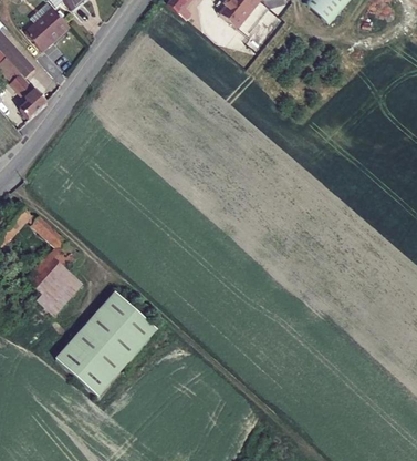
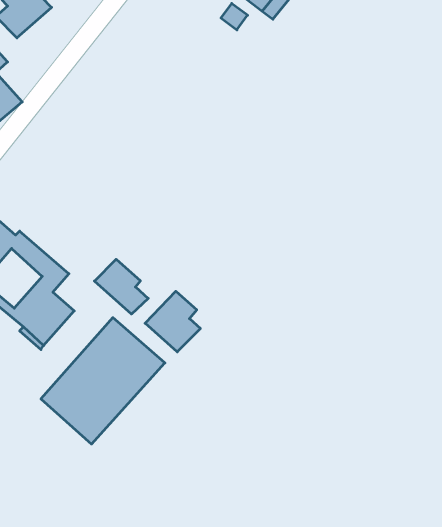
building: none -> [94,259,148,314]
building: none -> [145,291,200,352]

